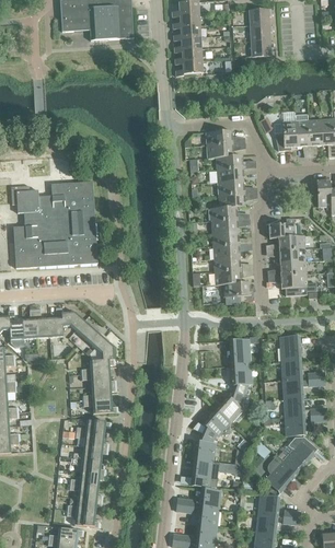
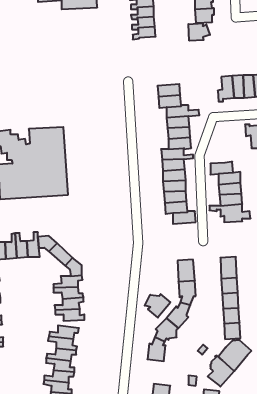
building: none -> [188,23,210,41]
building: none -> [145,294,170,318]
building: [190,458,212,486] -> none

